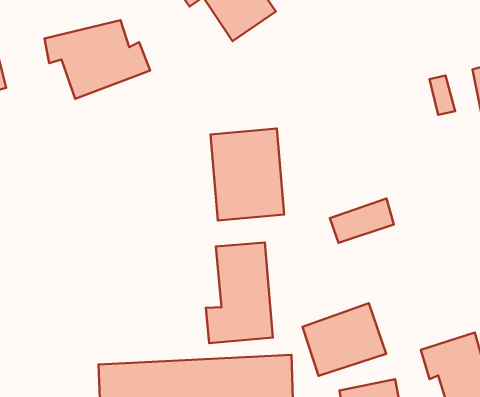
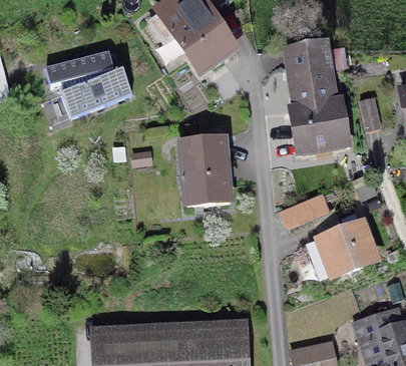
building: none -> [286,43,346,146]
building: [206,243,273,343] -> none
building: [302,303,386,376] -> [312,224,380,283]

